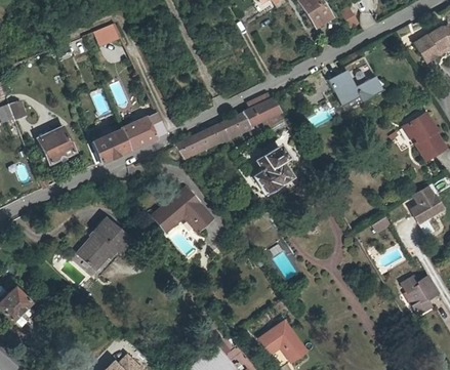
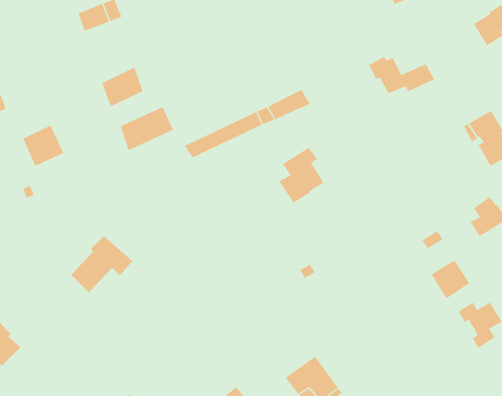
building: [92,129,127,163] -> [102,67,143,107]
building: [151,189,210,232] -> none
building: none -> [431,260,470,299]

